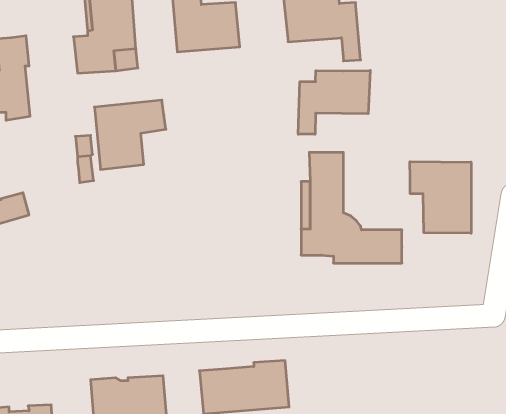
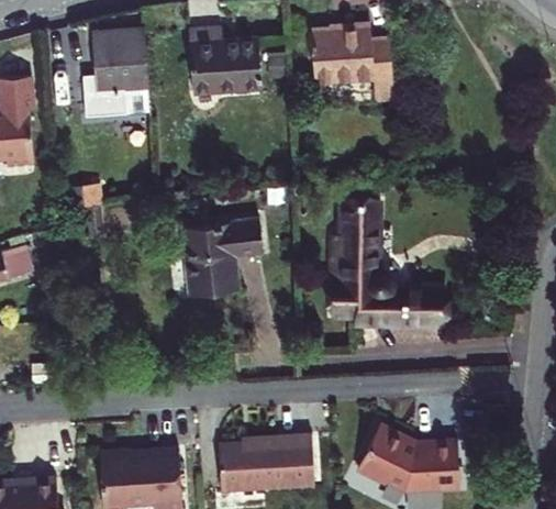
building: [298,70,370,134] -> none
building: [94,100,166,169] -> [182,221,260,297]
building: [410,162,471,233] -> none
building: none -> [369,428,465,483]

